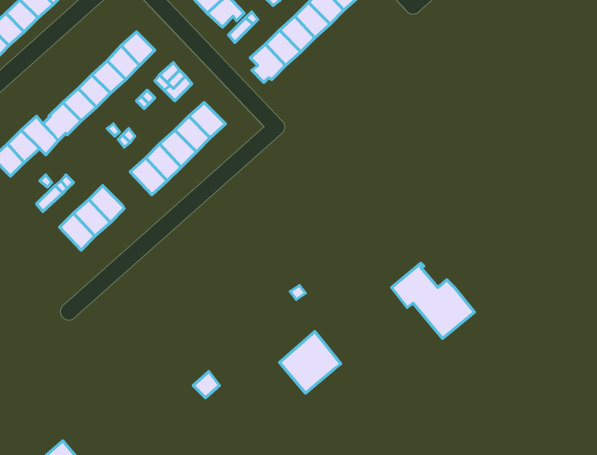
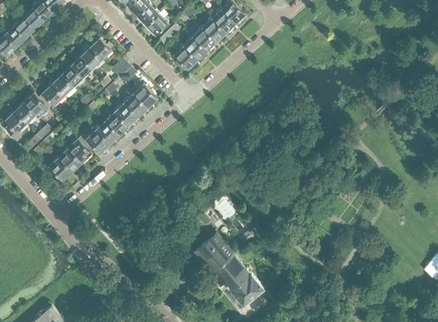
building: none -> [78,130,109,154]
building: [392,263,475,338] -> [209,259,264,308]

